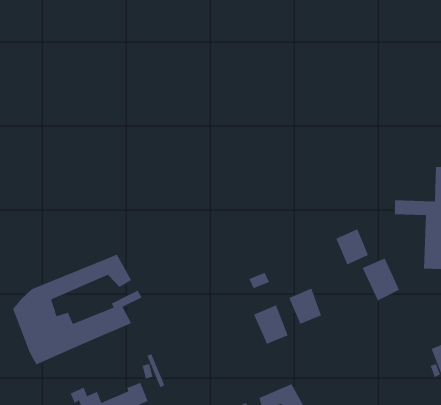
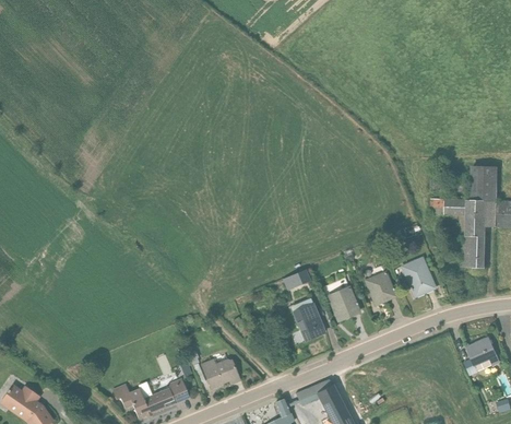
building: [336,229,369,265] -> [364,270,396,306]
building: [13,254,142,365] -> none
building: none -> [201,357,240,388]

